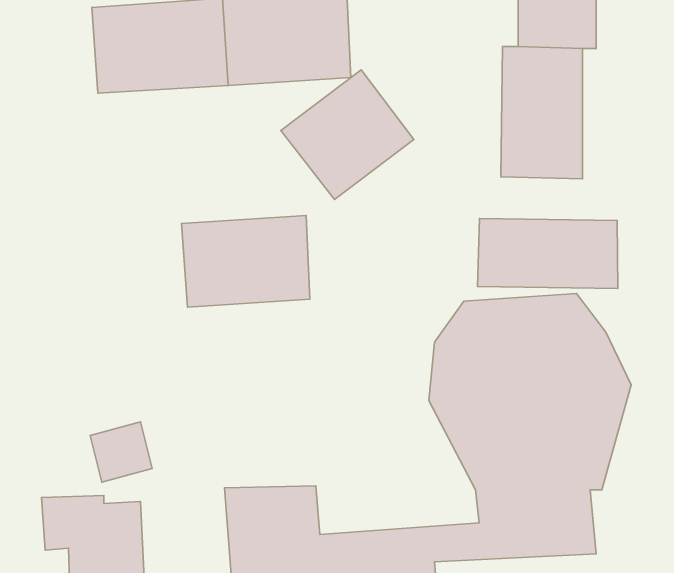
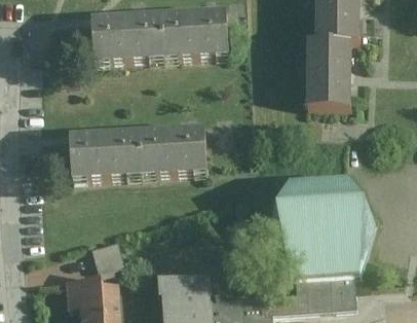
building: [281,70,414,199] -> none
building: [478,218,618,288] -> none
building: none -> [69,132,141,180]

